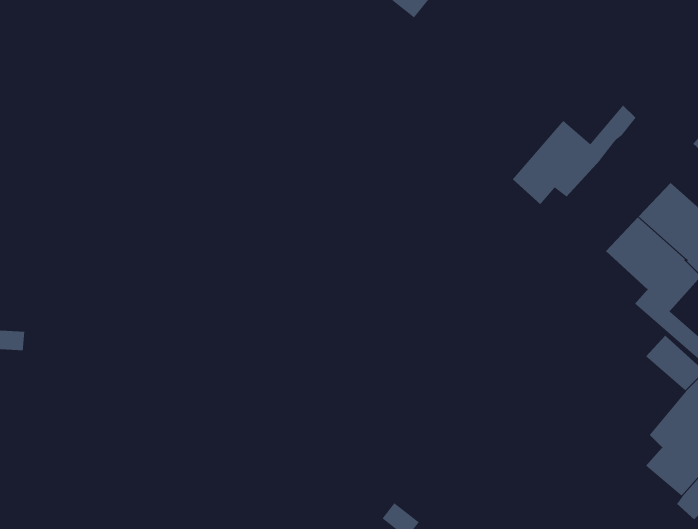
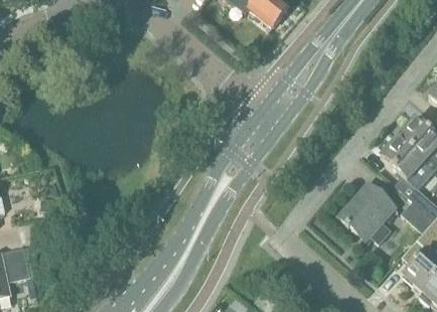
building: [512,105,636,205] -> none
building: none -> [339,180,396,238]

